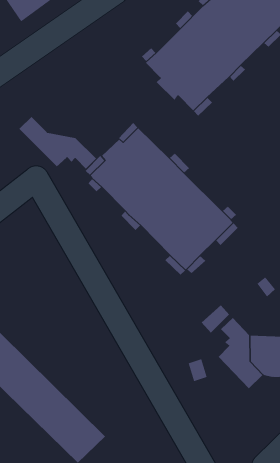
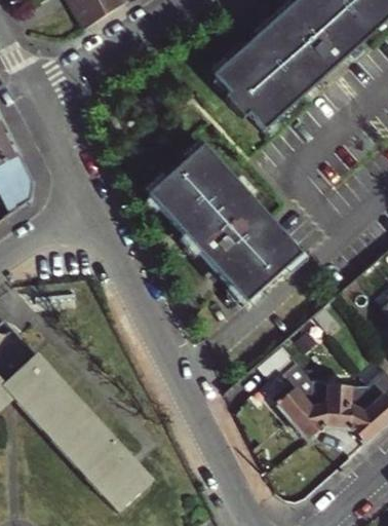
building: [18,116,97,170] -> none

